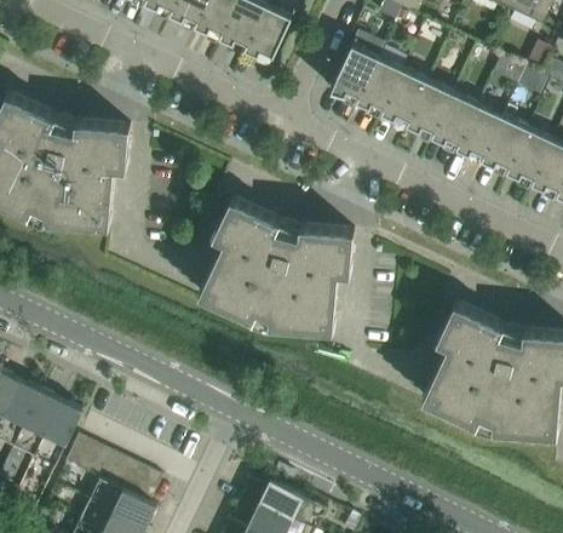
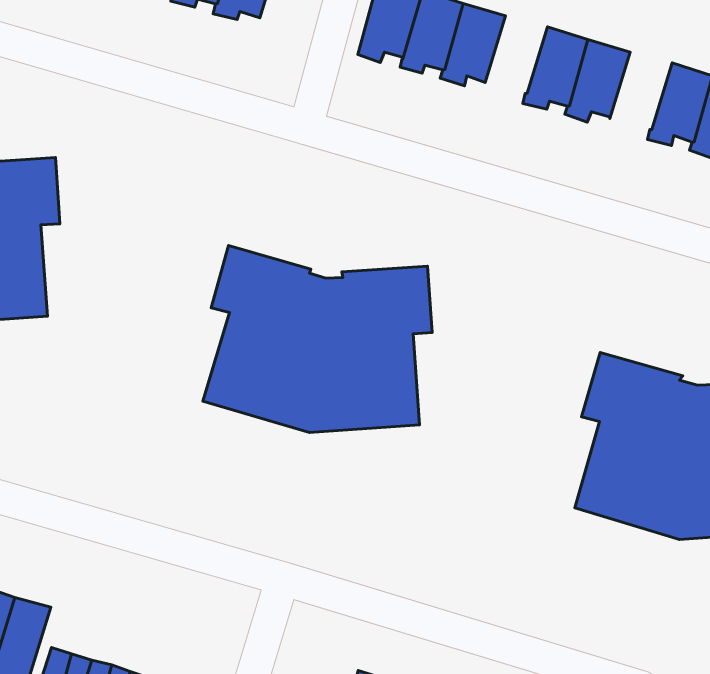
building: [406,82,453,133] -> none
building: [481,118,528,168] -> none

